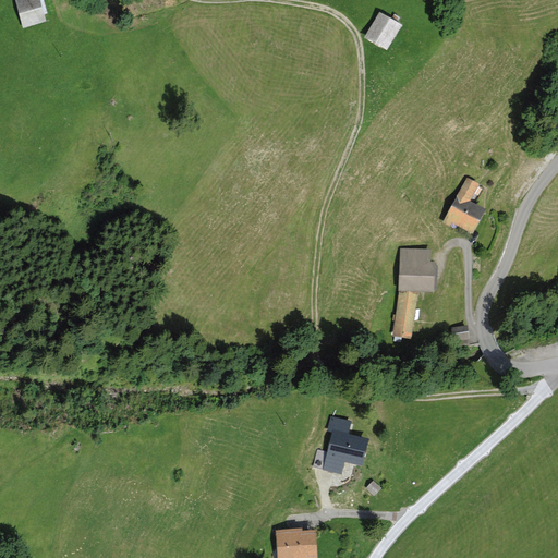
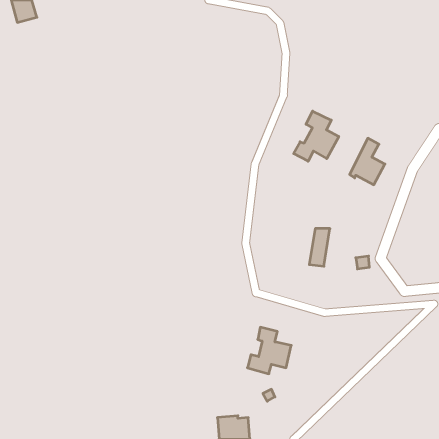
building: [364,11,402,50] -> none
building: none -> [294,111,339,161]
building: [400,250,434,290] -> none

